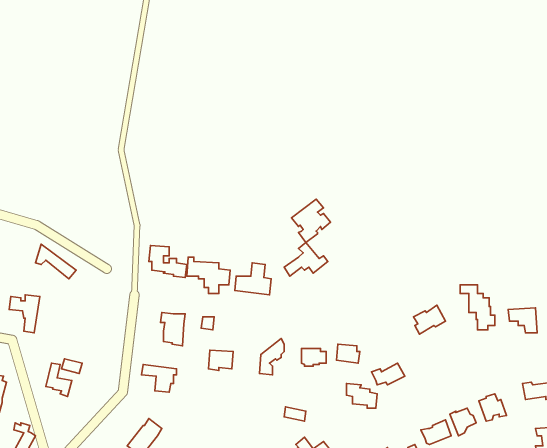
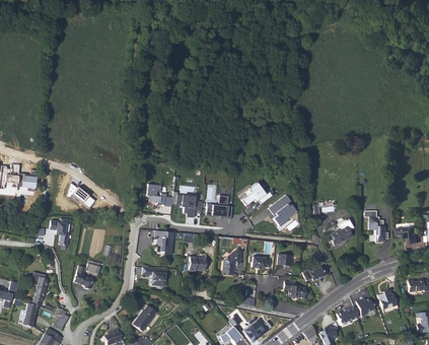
building: [291,199,331,243] -> [268,194,295,224]

